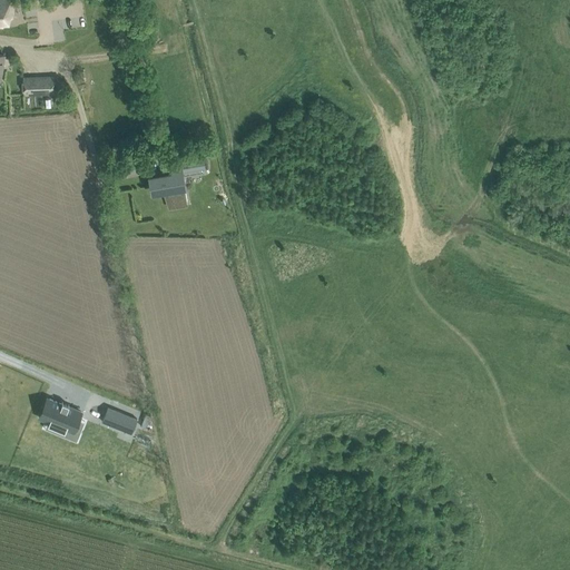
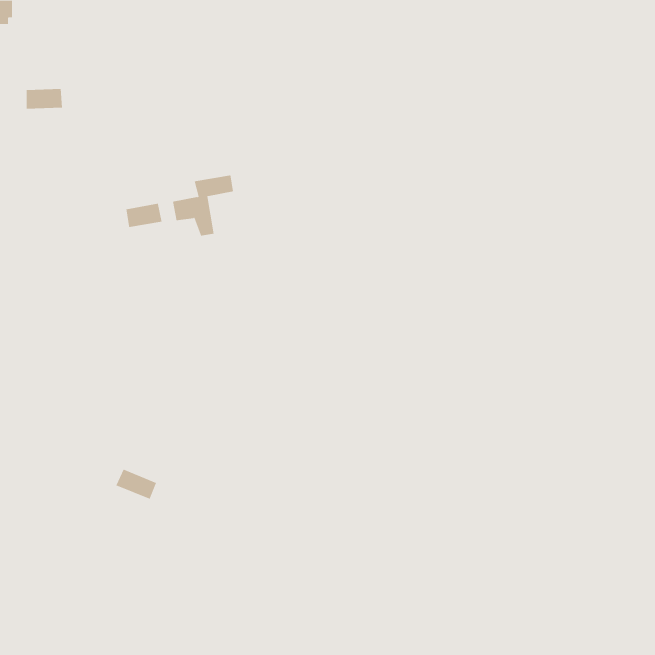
building: none -> [126,203,162,228]
building: [40,400,80,432] -> none

